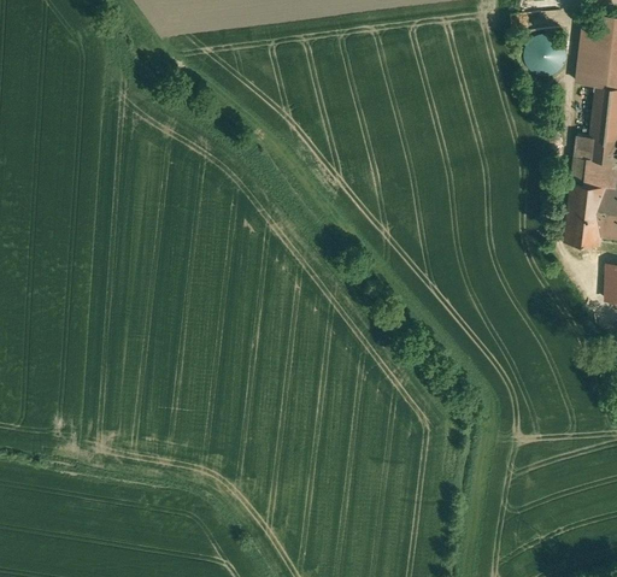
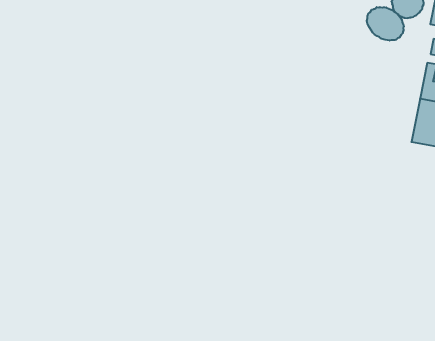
building: none -> [367,7,404,41]

